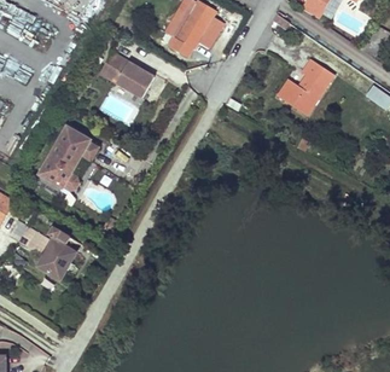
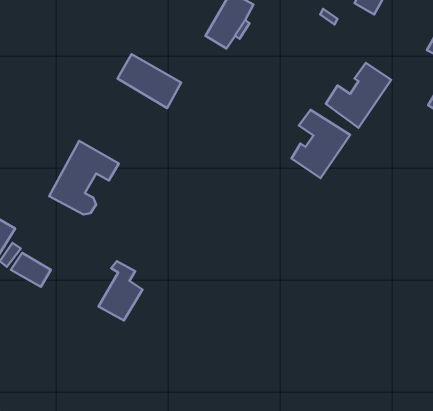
building: none -> [291,110,350,178]
building: [39,227,76,278] -> [98,261,142,321]

